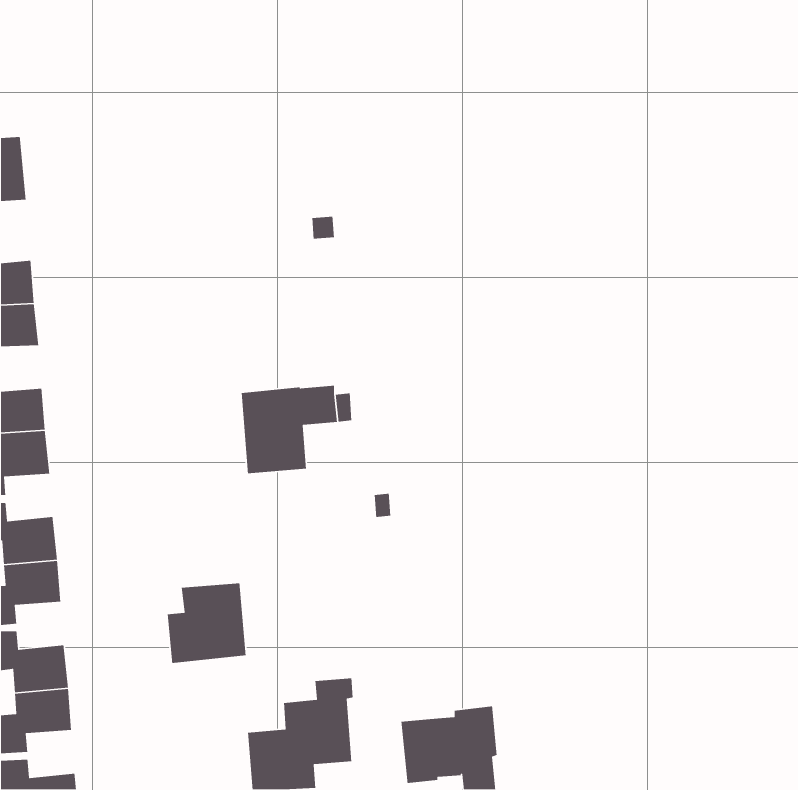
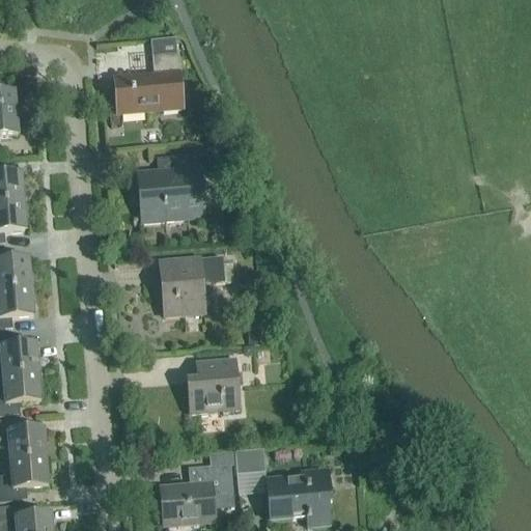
building: none -> [113,50,183,123]
building: none -> [138,152,204,220]
building: [167,582,246,664] -> [187,358,240,412]
building: none -> [234,447,266,473]

